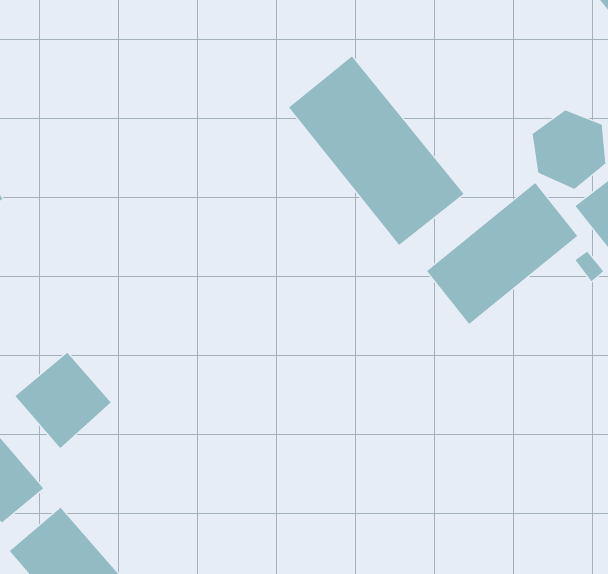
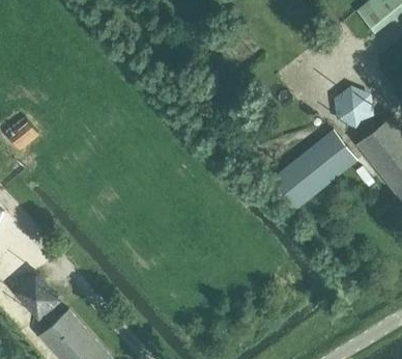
building: [288,55,464,246] -> none
building: [14,352,112,449] -> none

